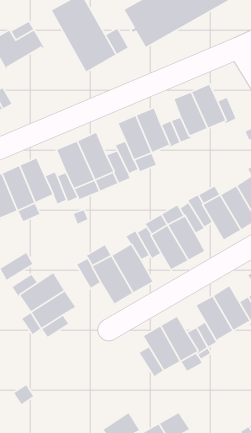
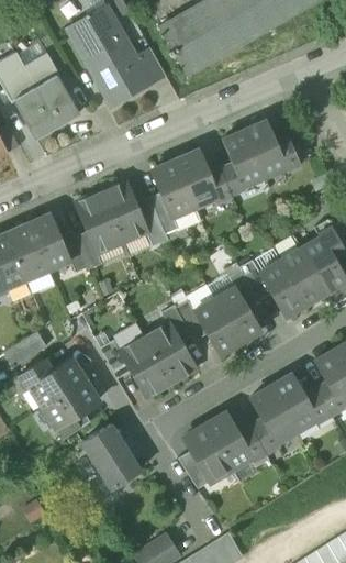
building: none -> [13,74,79,139]
building: none -> [81,423,141,488]

